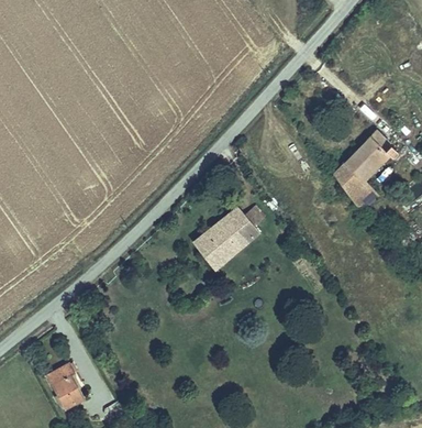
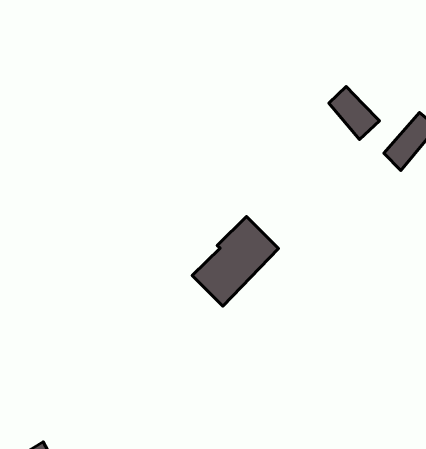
building: [335,160,374,201] -> [329,86,380,139]

